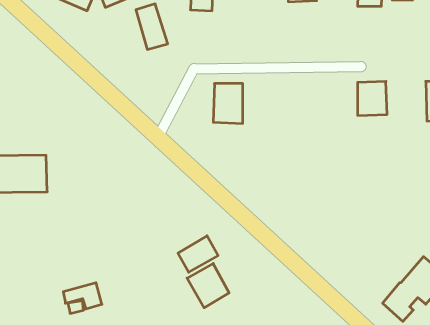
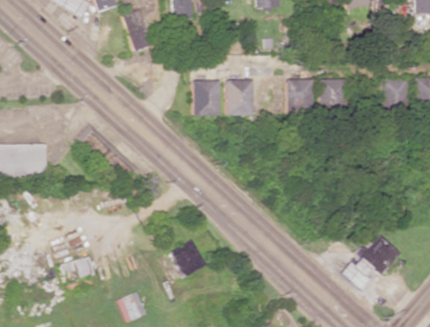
building: none -> [227,79,253,115]
building: none -> [288,79,312,111]
building: [178,236,218,272] -> none

